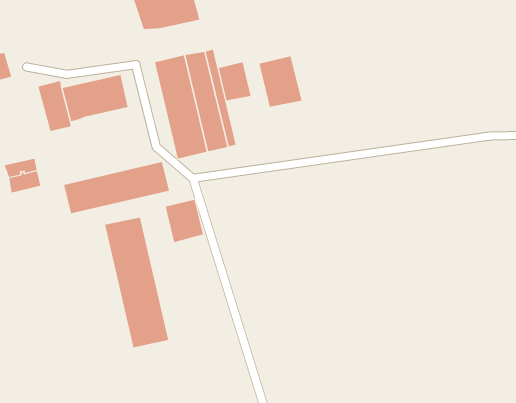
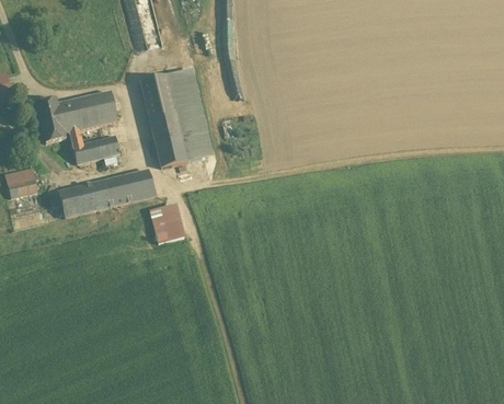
building: [259,56,302,108] -> none
building: [218,62,251,101] -> none
building: none -> [70,129,119,163]
building: [104,217,169,348] -> none

